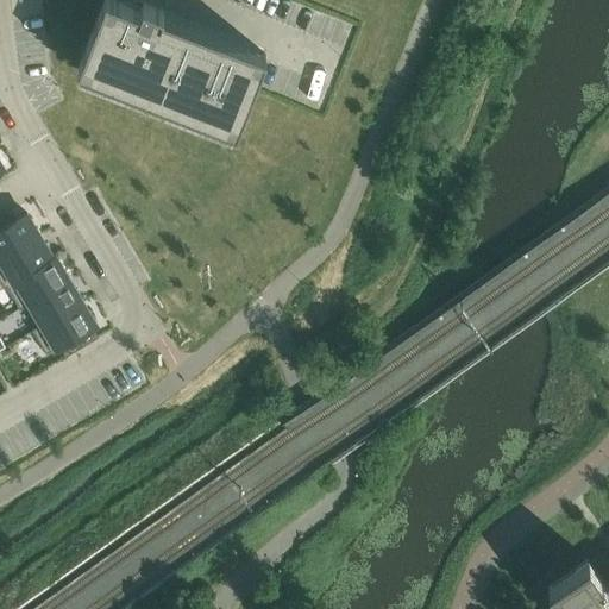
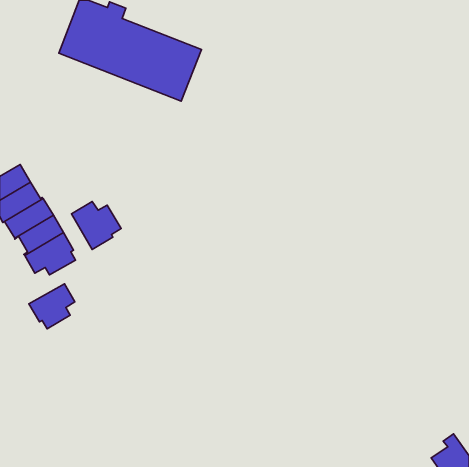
building: none -> [72,201,121,250]
building: none -> [29,284,75,329]

